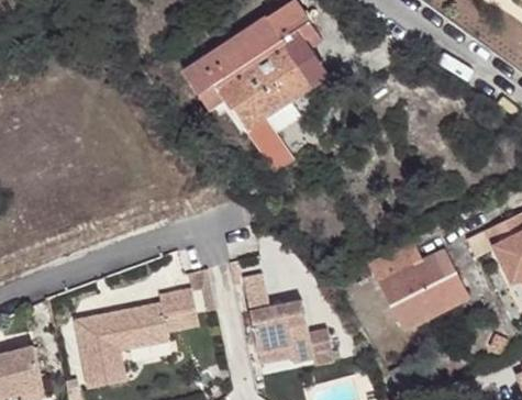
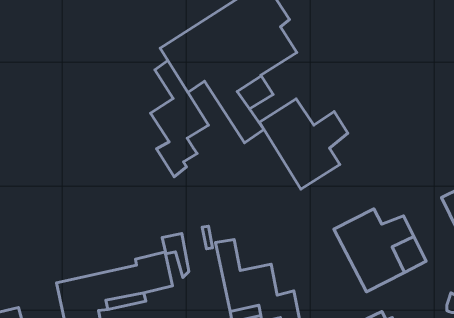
building: none -> [151,61,208,177]
building: none -> [259,99,348,189]

